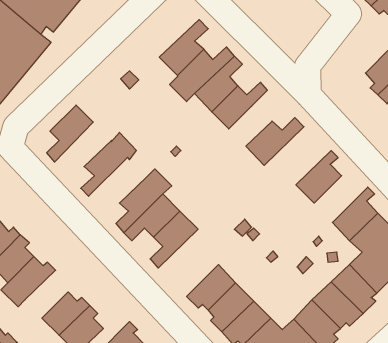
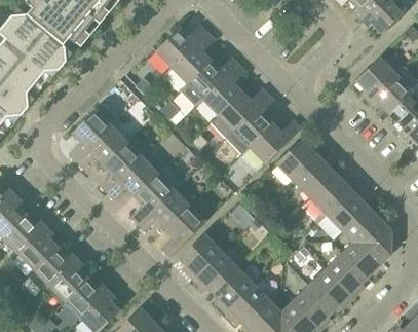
building: none -> [155,25,206,66]
building: none -> [226,96,276,153]
building: none -> [76,124,127,168]
building: none -> [276,139,326,181]
building: none -> [107,156,159,199]
building: none -> [310,173,358,215]
building: none -> [180,233,224,282]
building: none -> [49,258,88,301]

